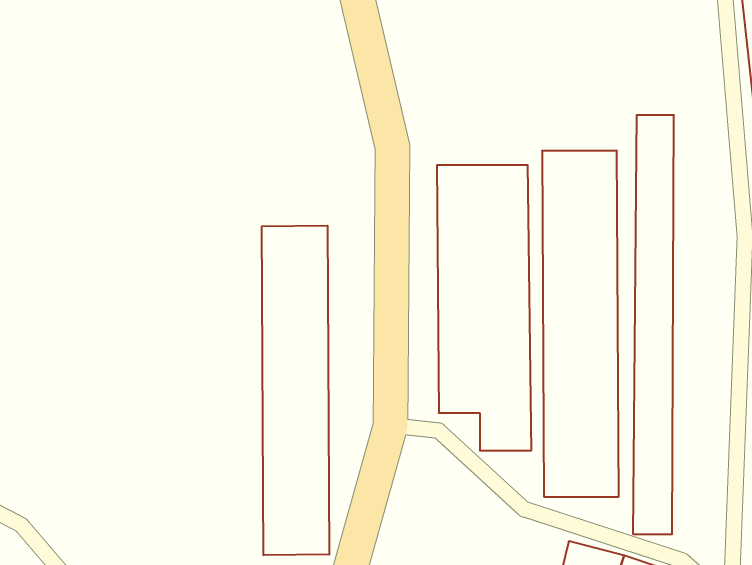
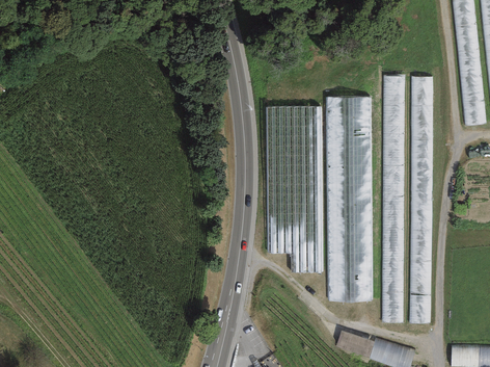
building: none -> [409,80,434,325]
building: [262,226,329,555] -> none

